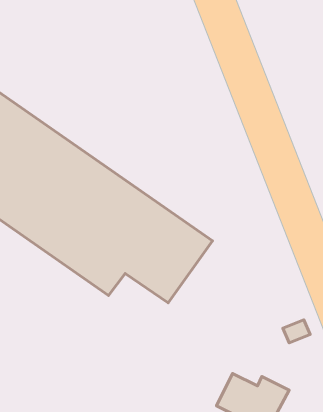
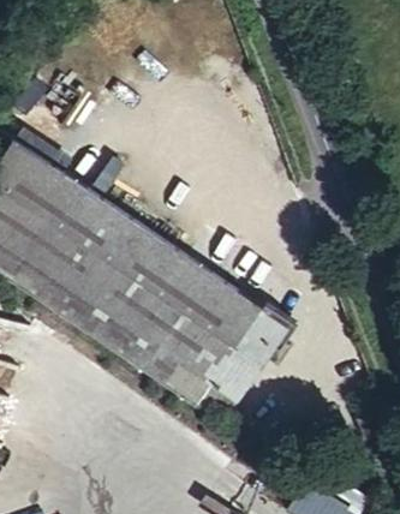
building: none -> [142,303,294,426]

